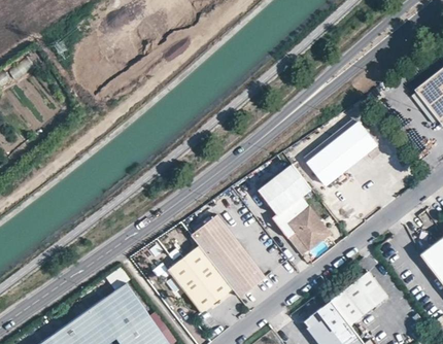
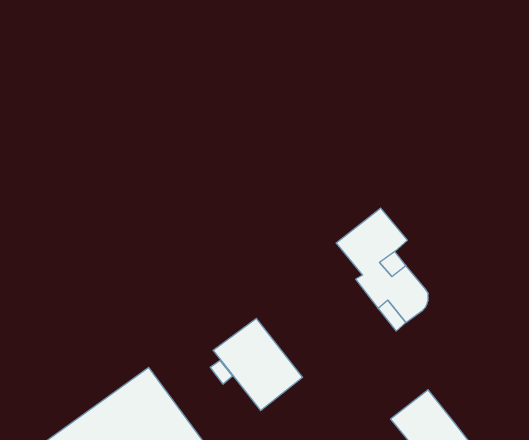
building: [308,124,378,187] -> none
building: [193,215,267,298] -> none
building: [329,270,385,323] -> none

